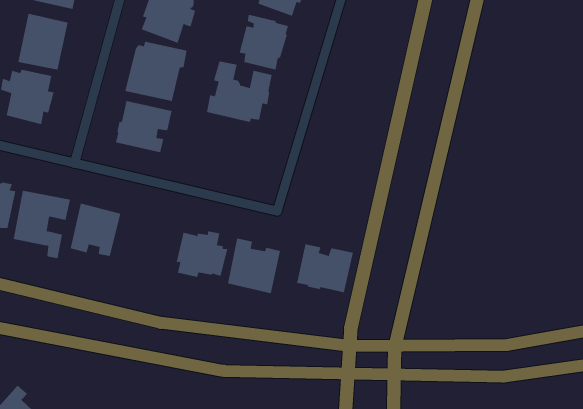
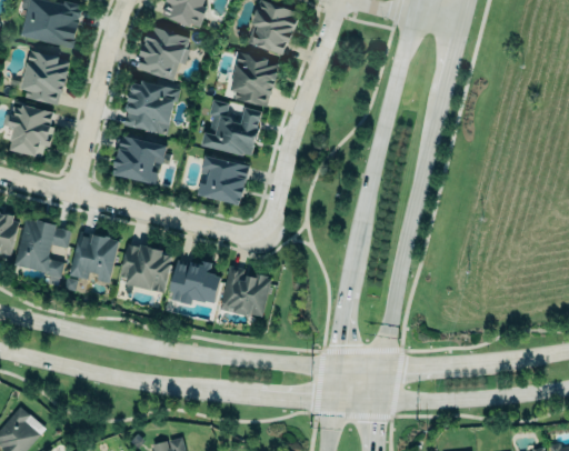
building: none -> [196,157,249,206]
building: none -> [119,244,172,293]
building: [297,243,353,293] -> none

